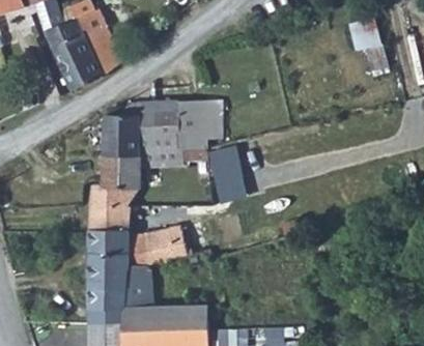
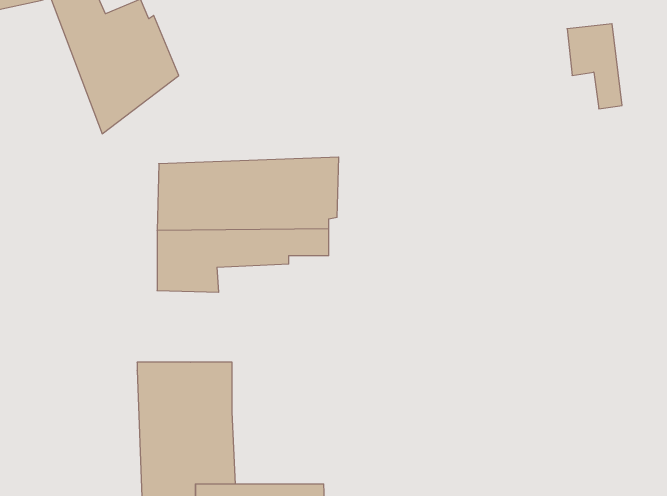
building: [215,146,249,184] -> none
building: [88,184,139,229] -> none
building: [147,221,189,260] -> none

